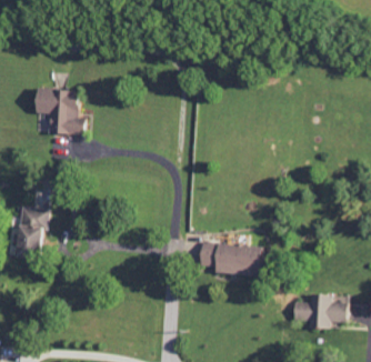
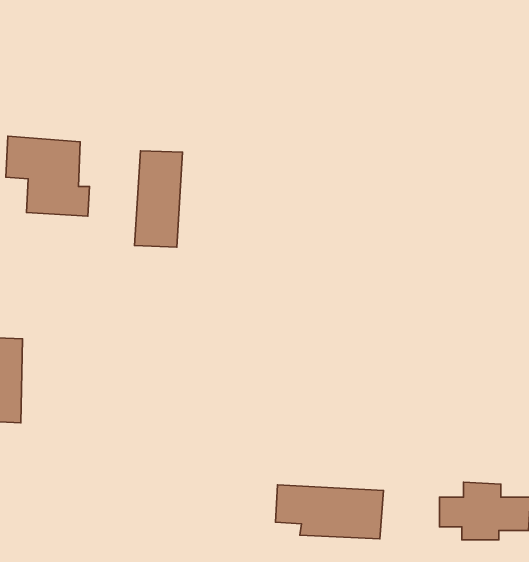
building: none -> [135,151,183,247]
building: [201,242,265,274] -> [276,485,383,539]

